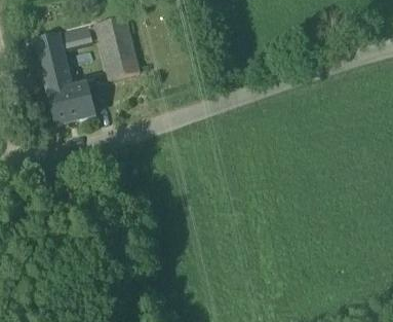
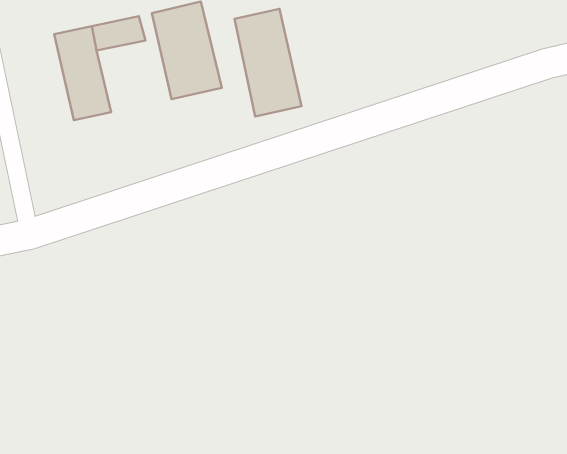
building: none -> [234,9,302,117]
building: [48,83,94,121] -> none

